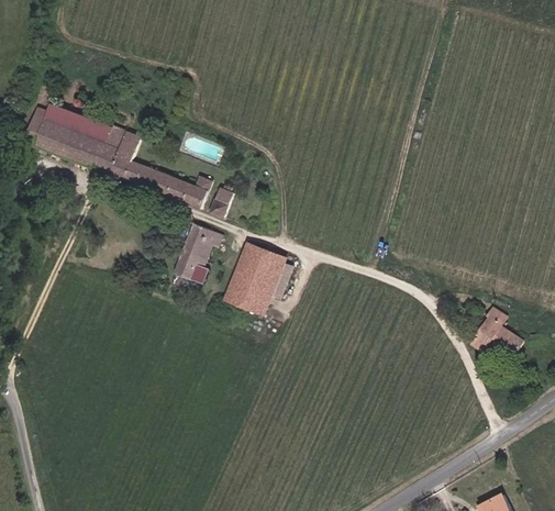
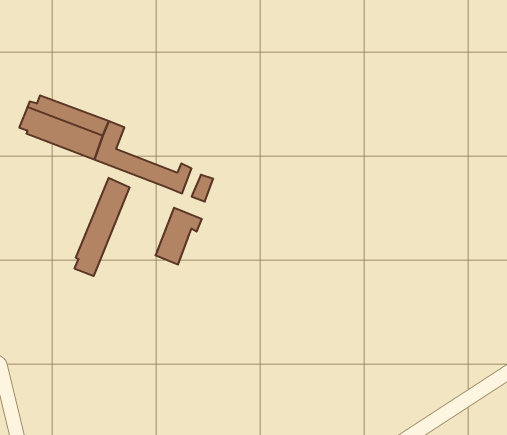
building: none -> [75,178,130,276]
building: [227,245,285,311] -> none
building: [471,303,524,353] -> none

